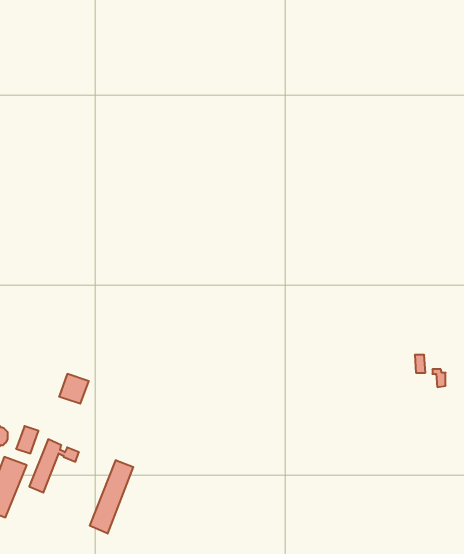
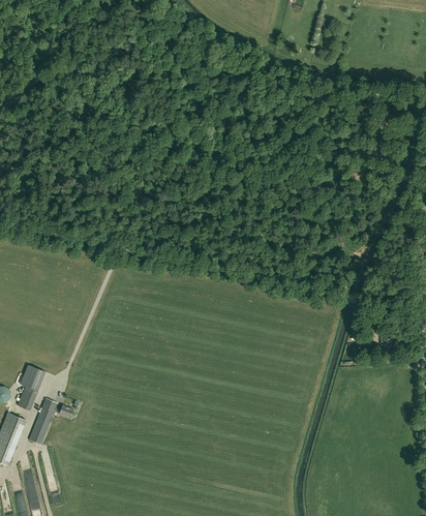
building: [59,374,89,404] -> [19,364,44,390]
building: [90,460,133,534] -> none

